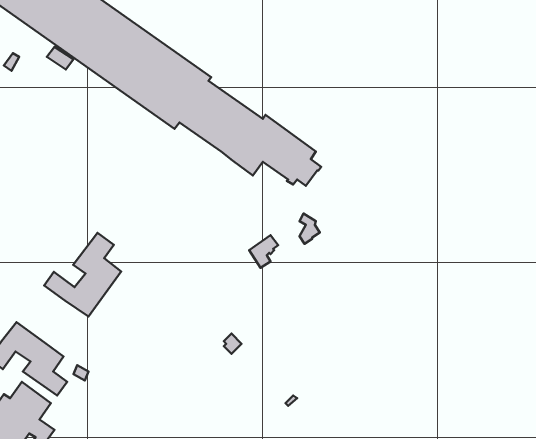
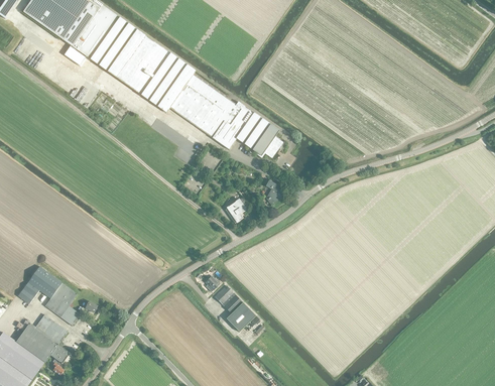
building: [44,233,121,317] -> none
building: none -> [214,285,255,332]

